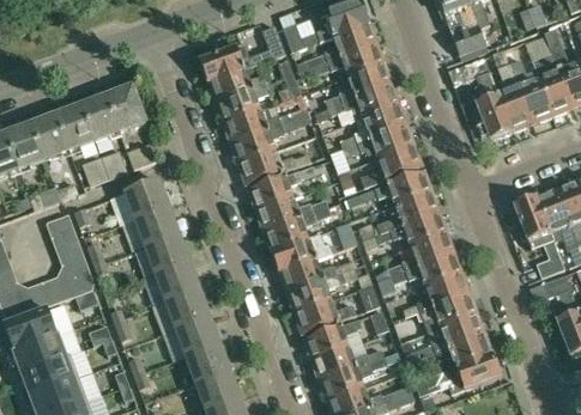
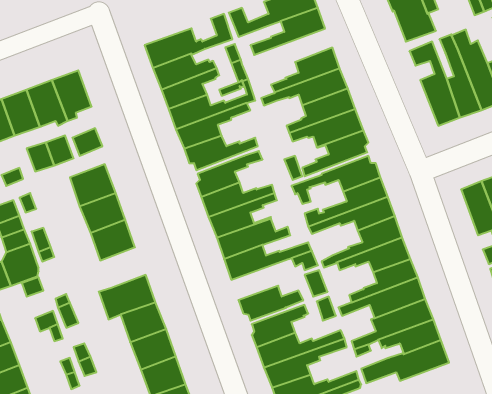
building: [308,43,386,77] -> none
building: [155,261,200,301] -> none
building: [285,273,344,313] -> none

